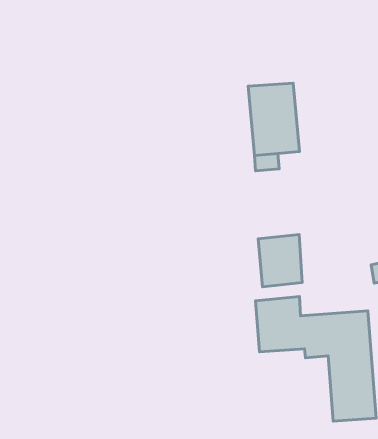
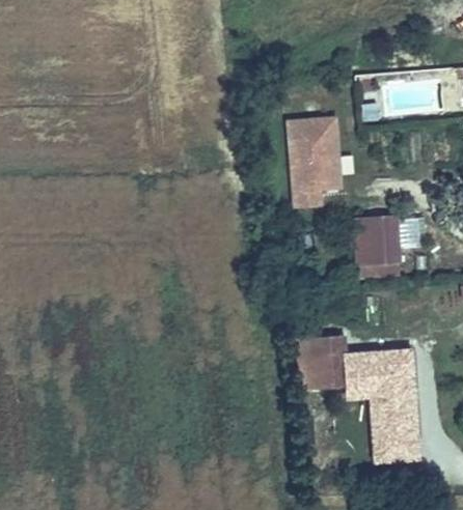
building: [258,235,302,287] -> [351,209,396,262]

